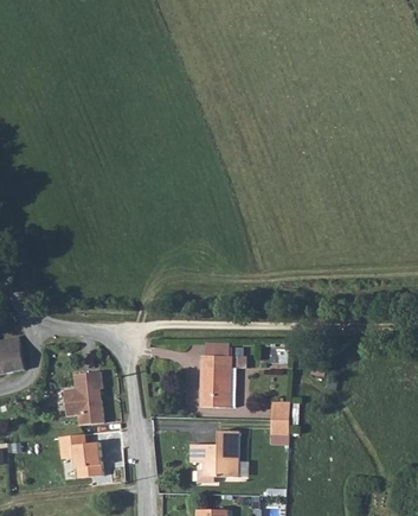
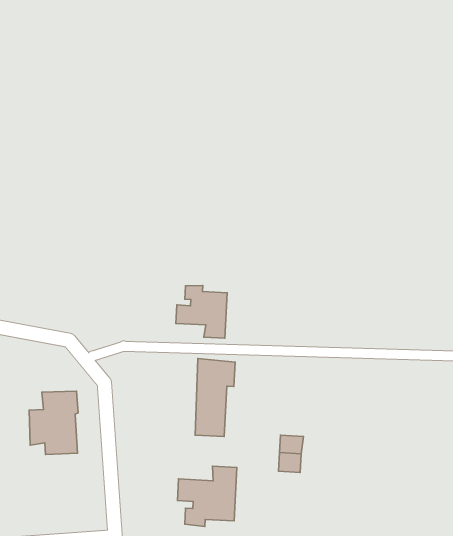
building: none -> [176,285,227,338]
building: [59,434,104,479] -> none

